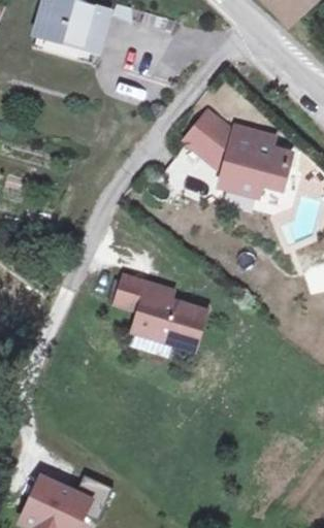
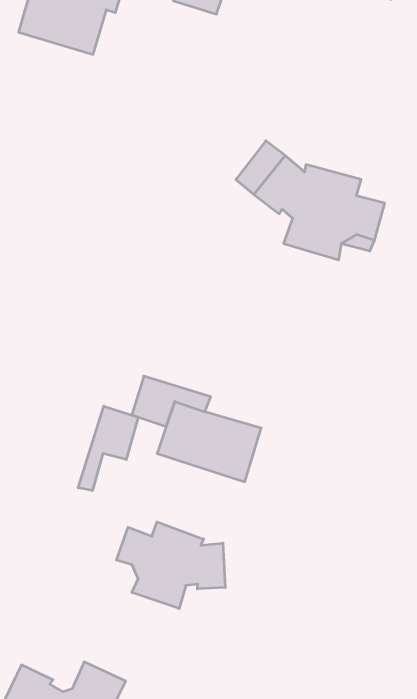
building: none -> [78,406,138,491]
building: none -> [116,522,225,609]

